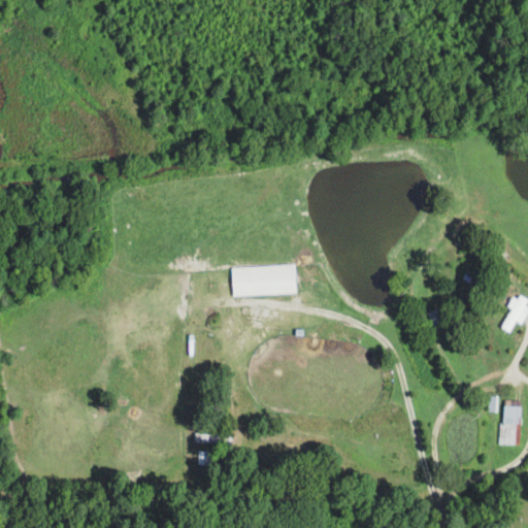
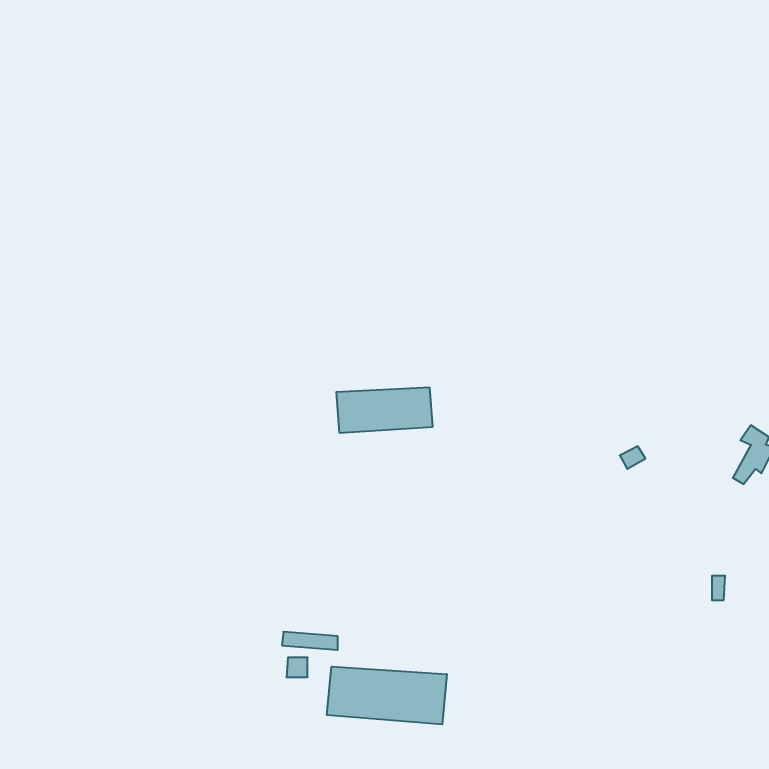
building: [500,399,522,444] -> none
building: none -> [327,667,447,724]

